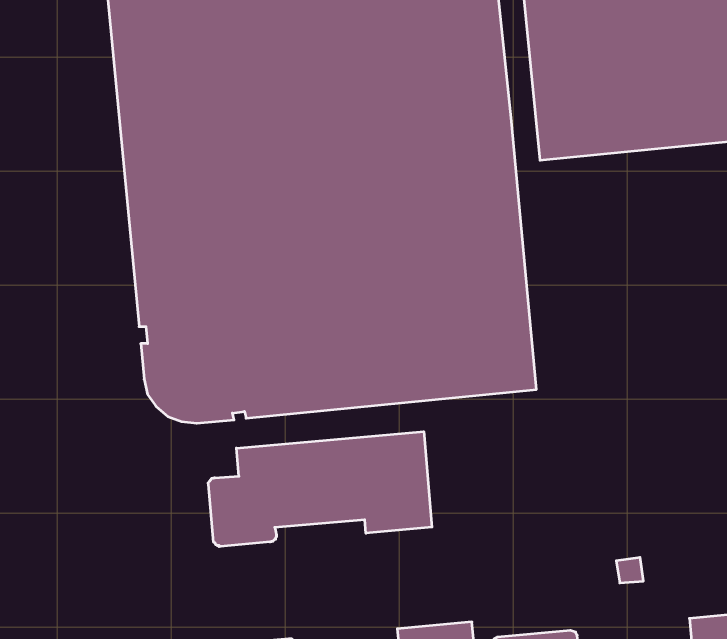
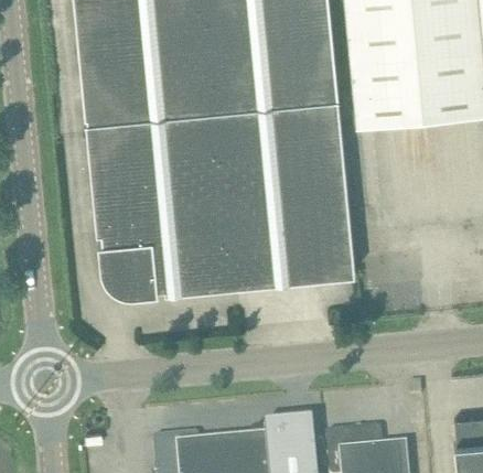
building: [208,432,432,547] -> none

